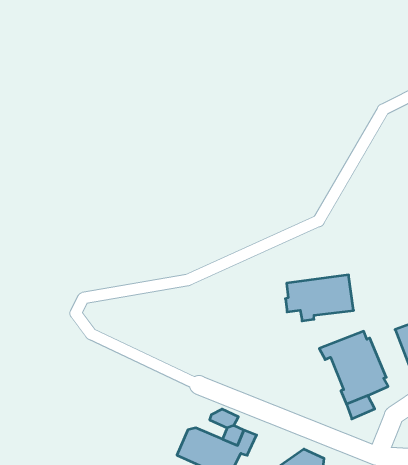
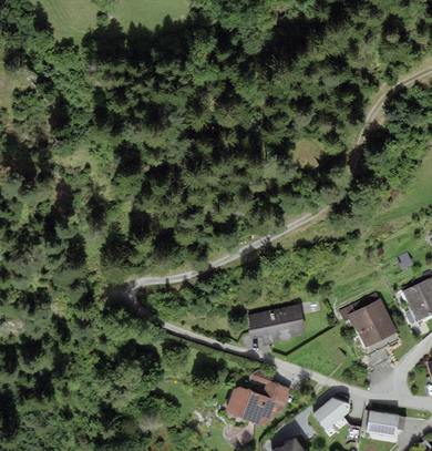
building: [285,275,354,321] -> [248,304,307,346]

